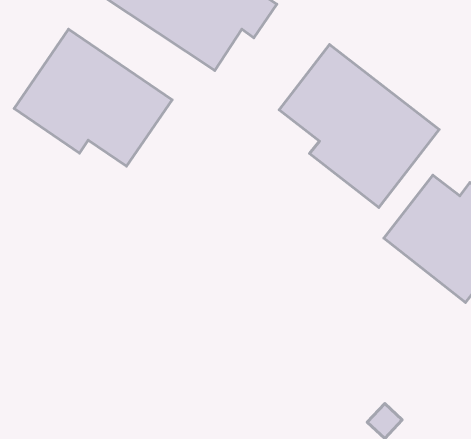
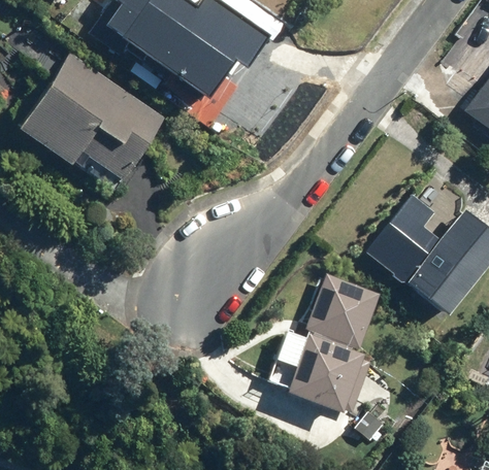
building: [279,44,439,207] -> none
building: none -> [279,275,380,413]

